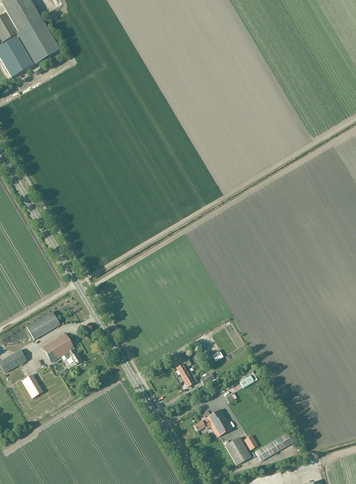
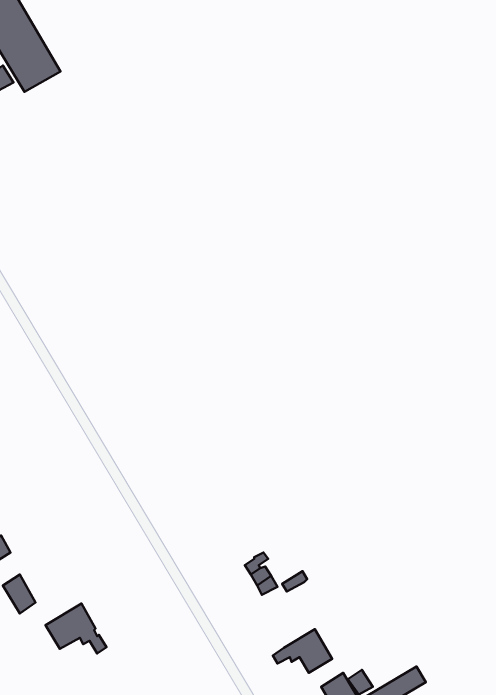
building: [26,310,59,339] -> none
building: [42,332,81,364] -> [46,603,107,653]

